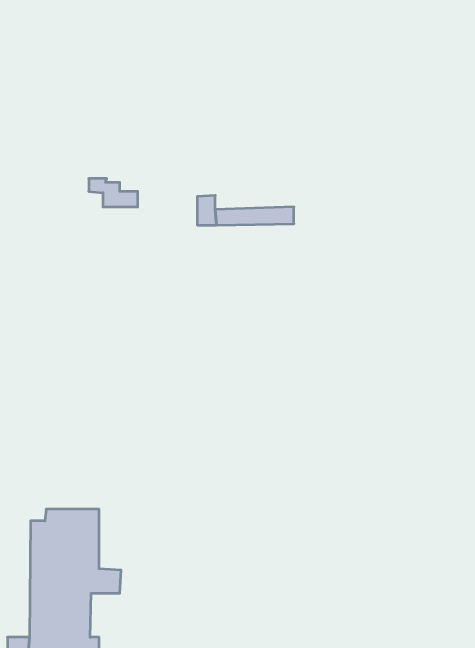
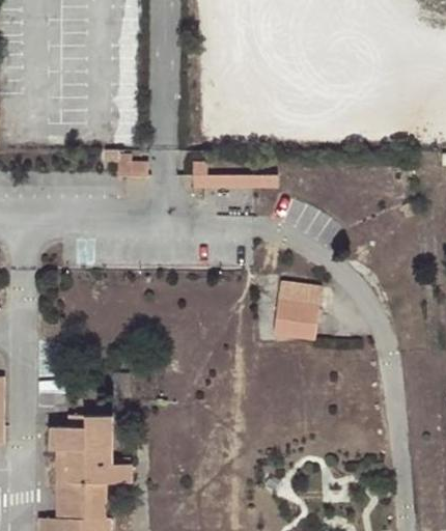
building: none -> [274,280,319,337]

